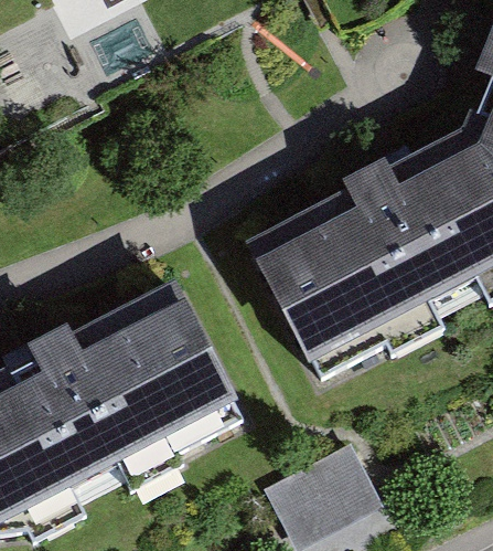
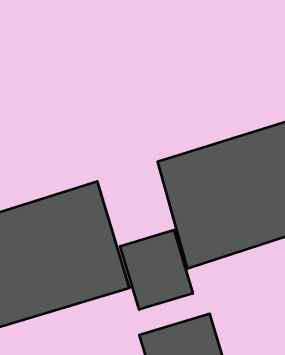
building: none -> [120,230,193,310]

